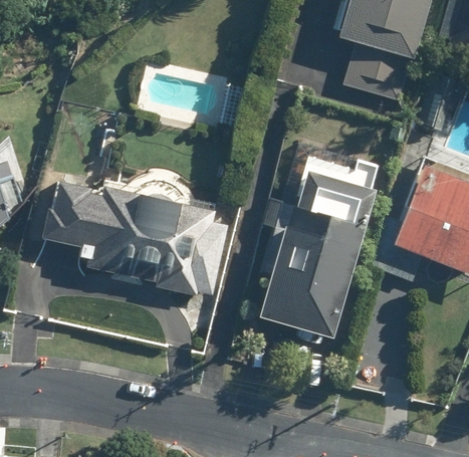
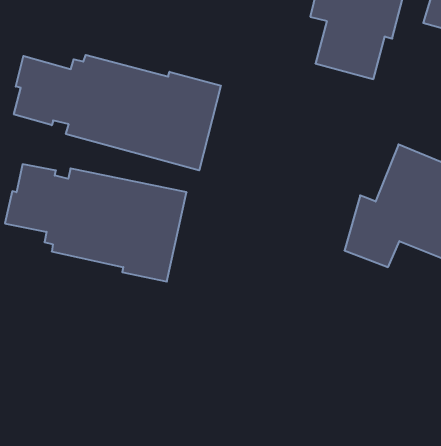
building: none -> [14,55,221,170]
building: [257,155,378,337] -> none

